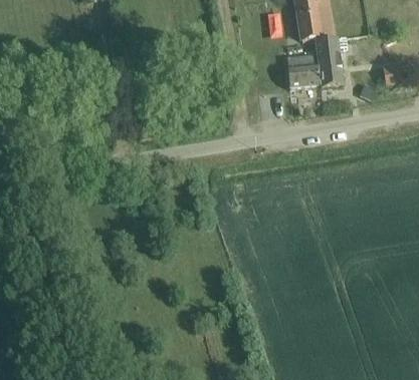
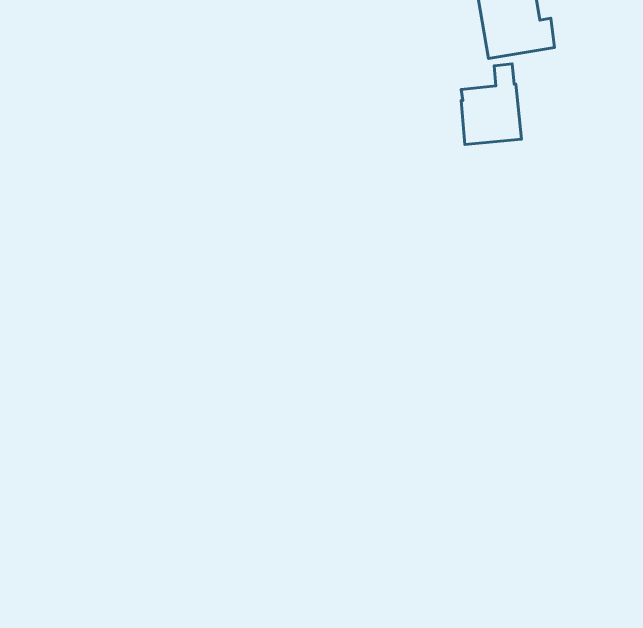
building: [315,37,345,87] -> none

